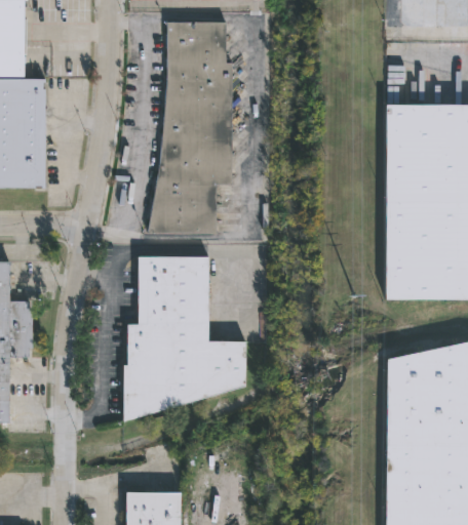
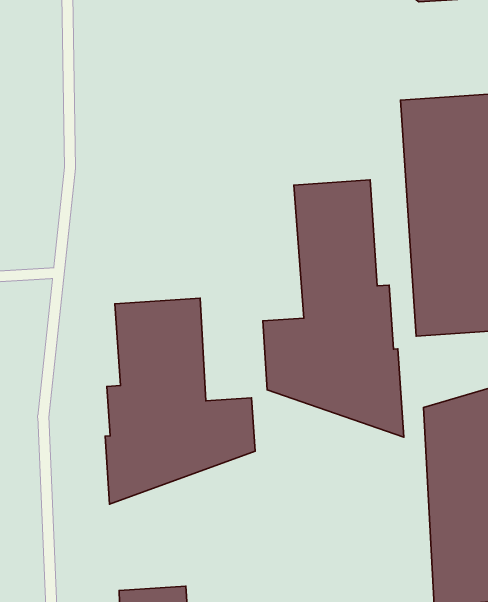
building: [147,22,233,233] -> none
building: none -> [263,180,404,437]

